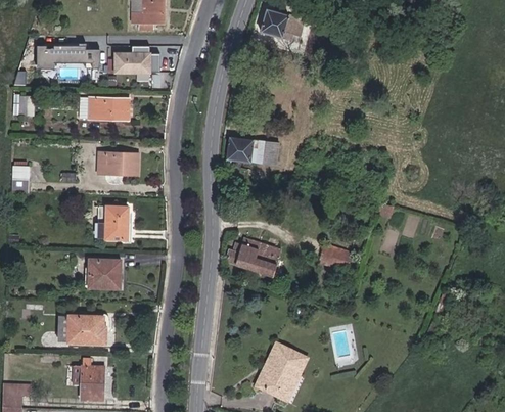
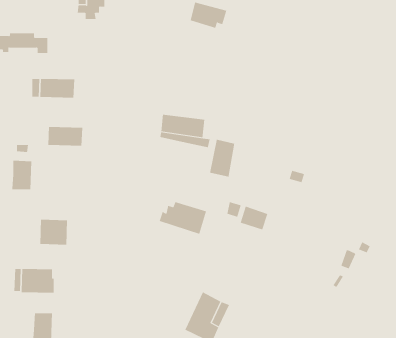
building: [114,53,149,73] -> none
building: none -> [209,139,235,178]
building: [104,205,128,239] -> [12,160,32,190]

